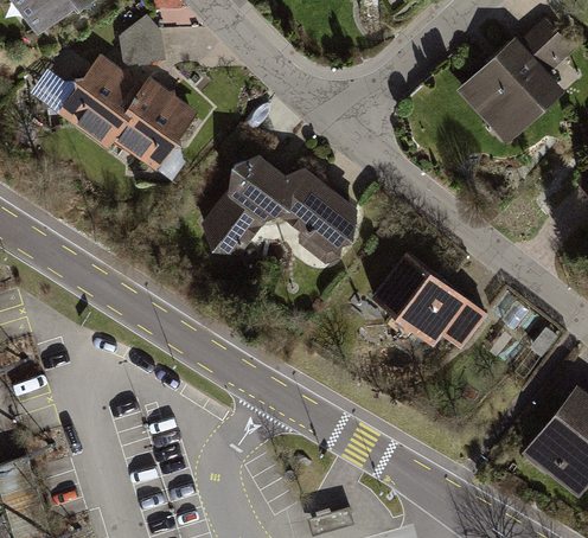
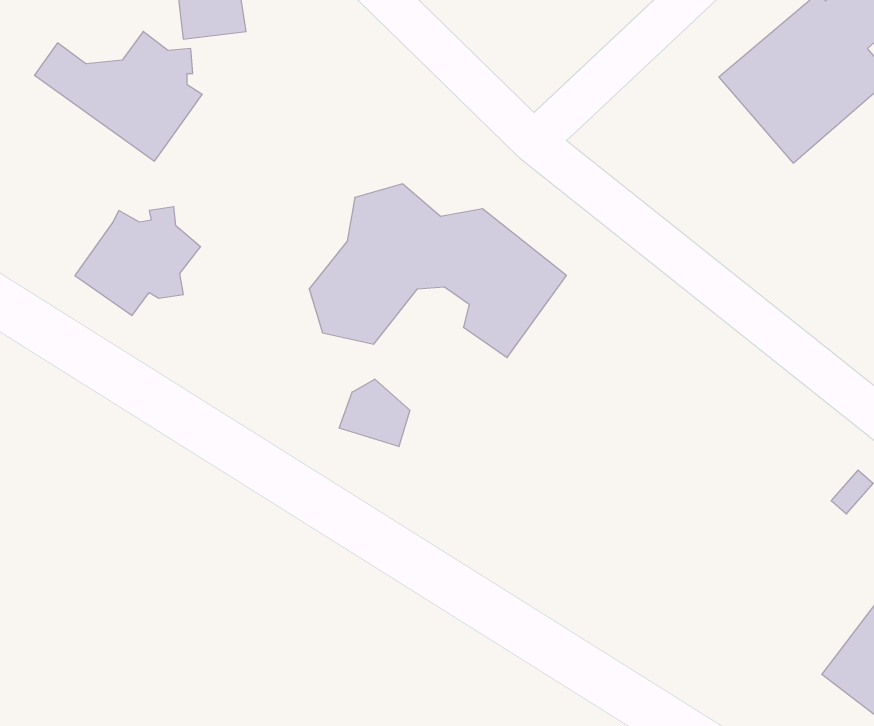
building: [113,90,191,158] -> [75,207,201,315]
building: [354,249,484,346] -> none
building: none -> [339,379,410,447]

